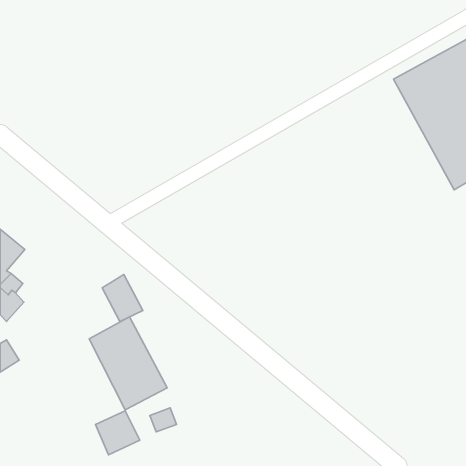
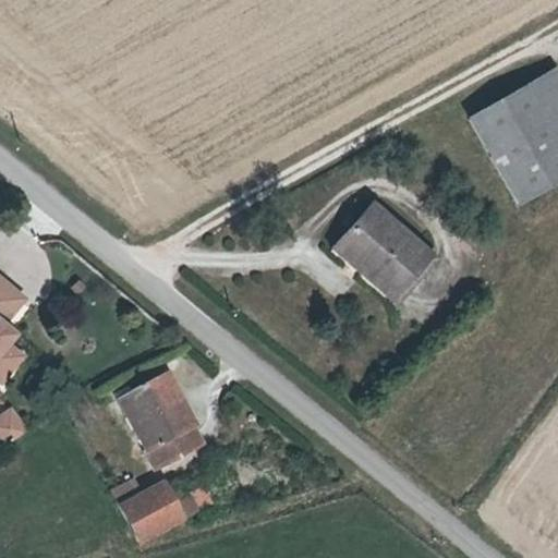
building: none -> [336,208,429,299]
building: [102,275,143,322] -> none

